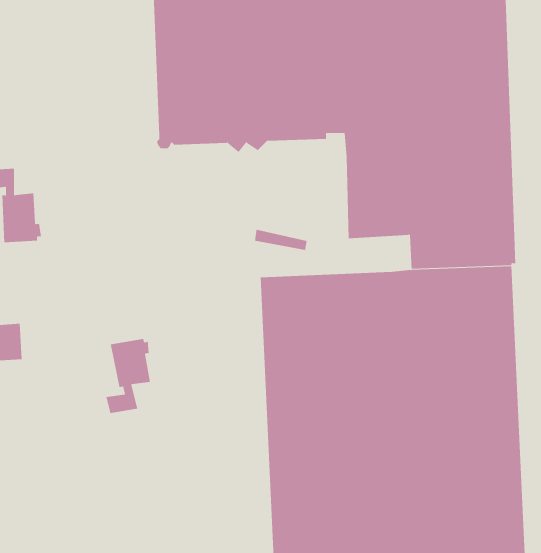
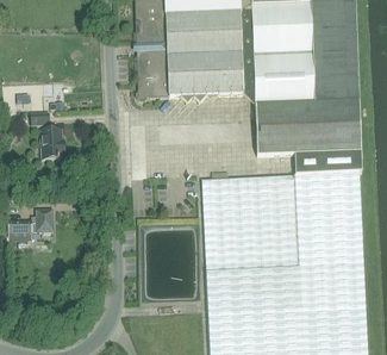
building: [106,338,151,414] -> none

